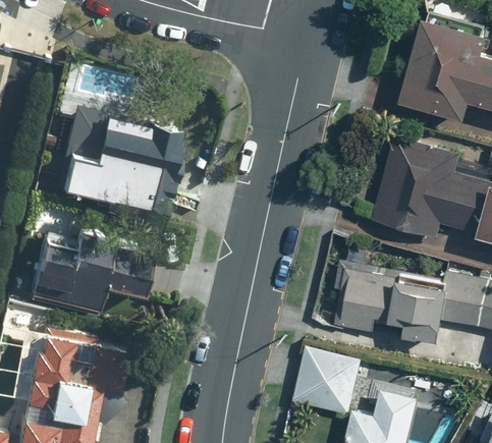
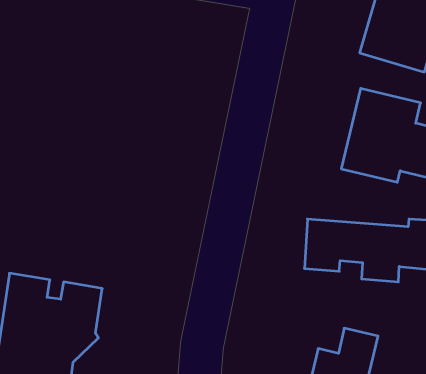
building: [54,113,179,212] -> none
building: [25,233,151,311] -> none
building: [292,345,363,414] -> none

